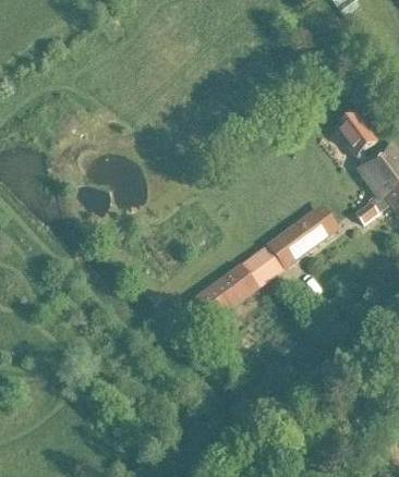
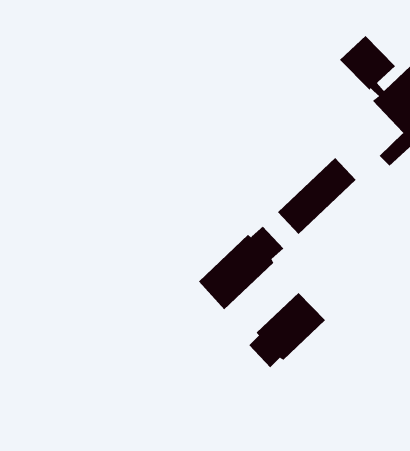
building: none -> [249,292,326,368]

